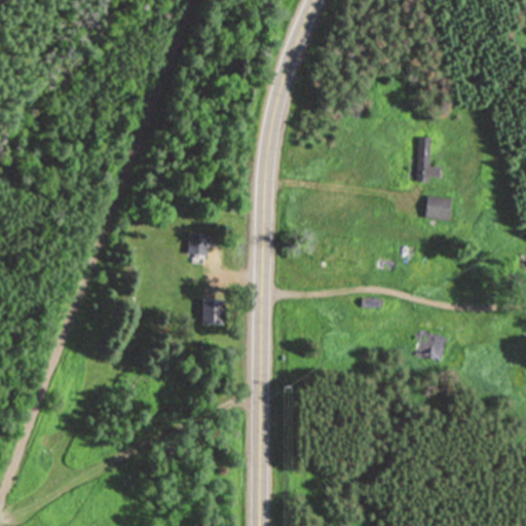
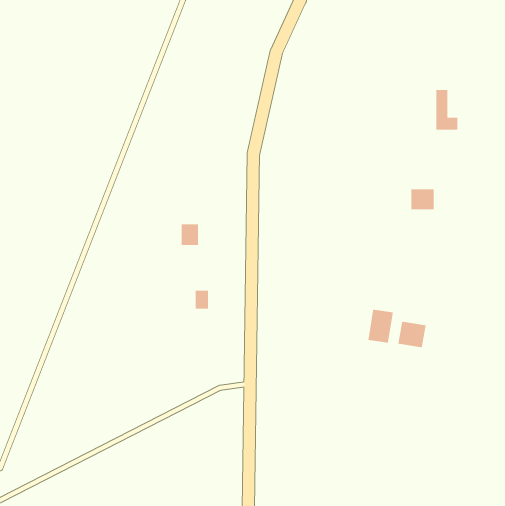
building: [418,138,442,180] -> [435,89,458,130]
building: none -> [368,309,393,343]

